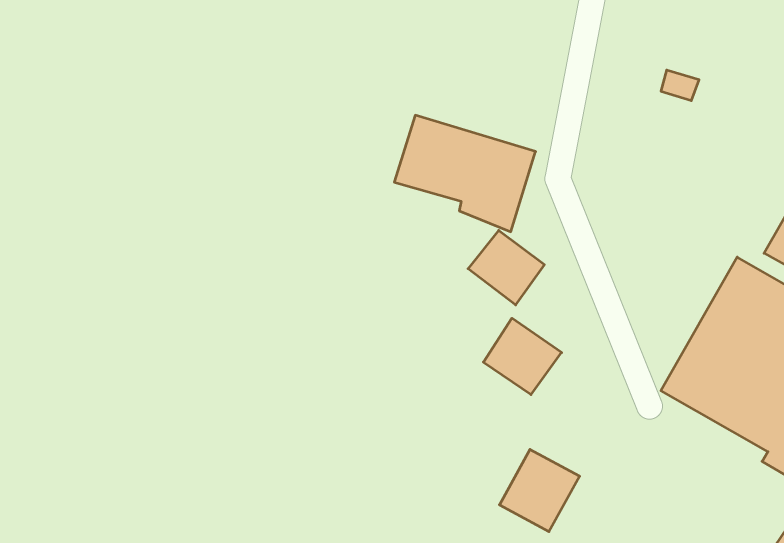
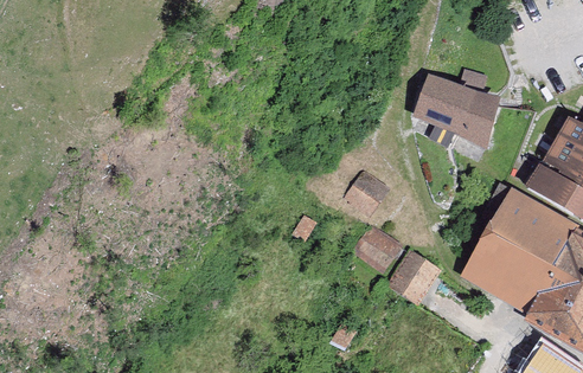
building: [394,115,536,232] -> [417,78,505,150]
building: [499,449,580,532] -> [389,252,438,303]

